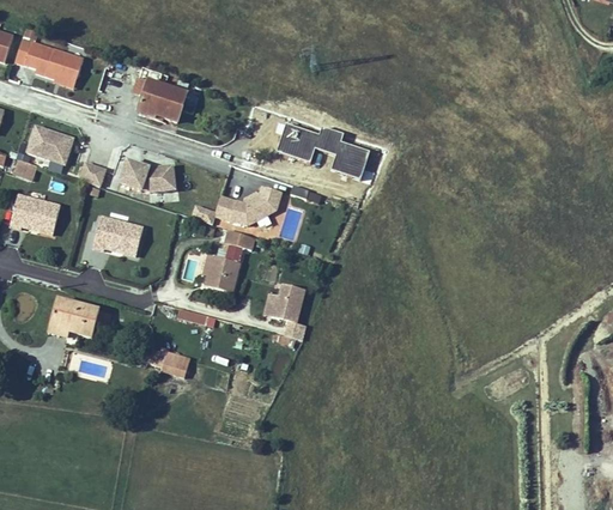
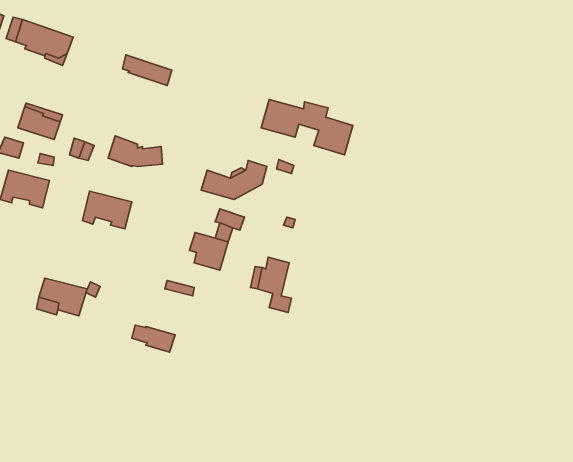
building: [136,95,180,126] -> none

